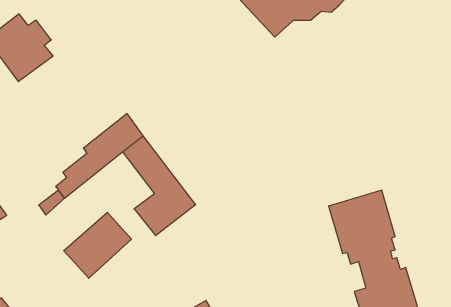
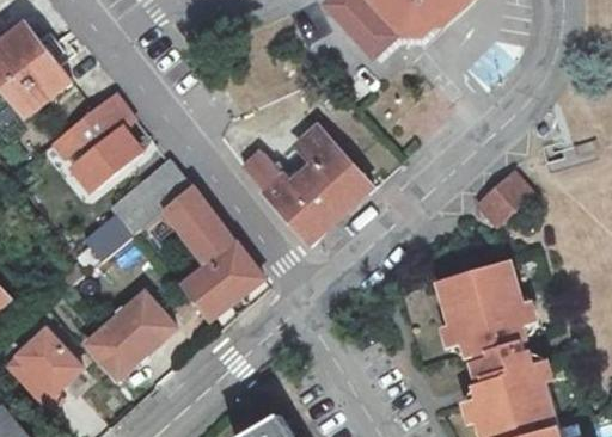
building: none -> [44,93,143,193]
building: none -> [243,124,371,236]
building: none -> [477,170,537,229]
building: none -> [6,327,86,414]

